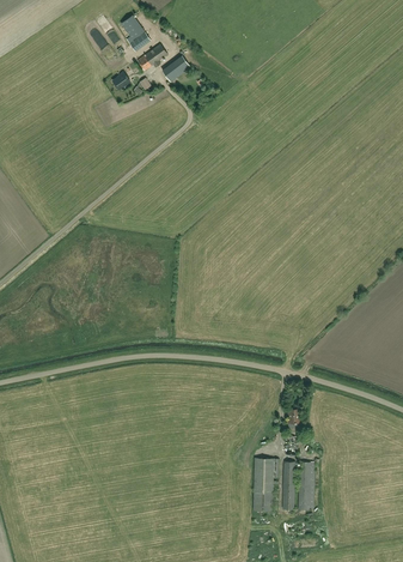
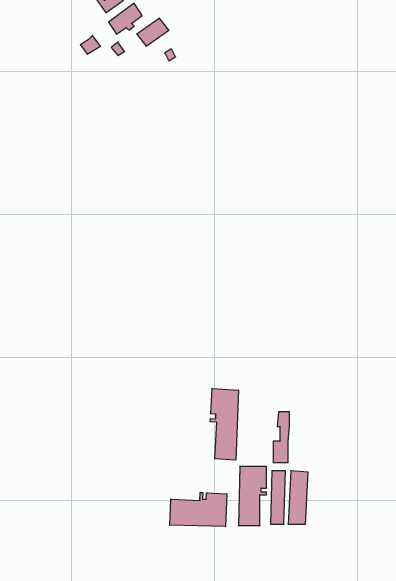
building: none -> [210,388,238,460]
building: none -> [170,492,227,527]

